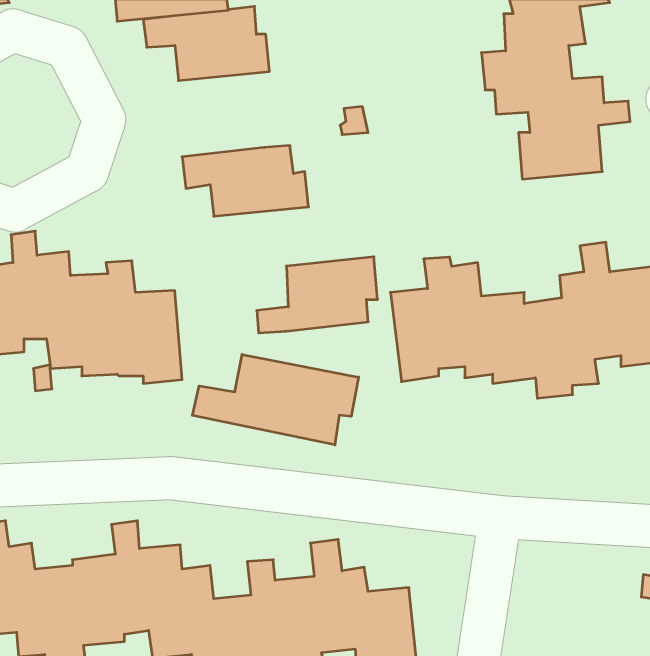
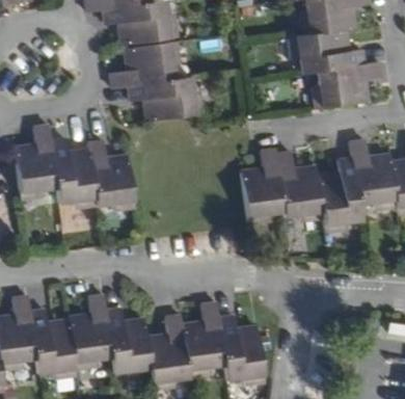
building: [257,257,378,333] -> [112,48,180,90]
building: [192,354,359,445] -> none

